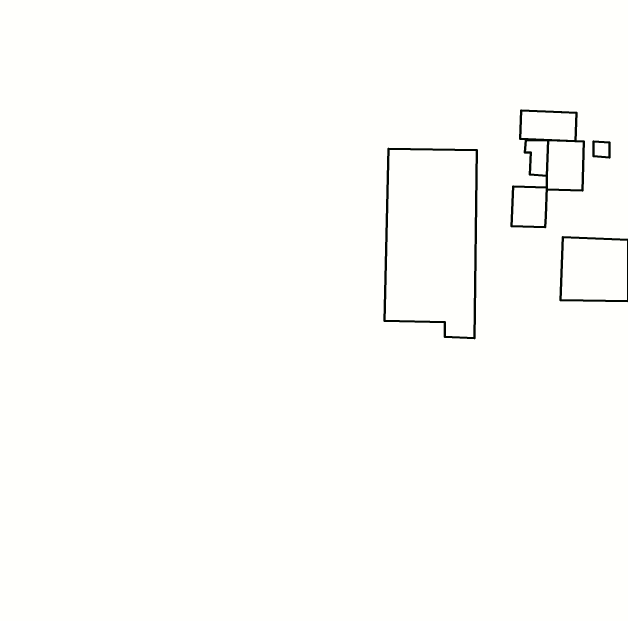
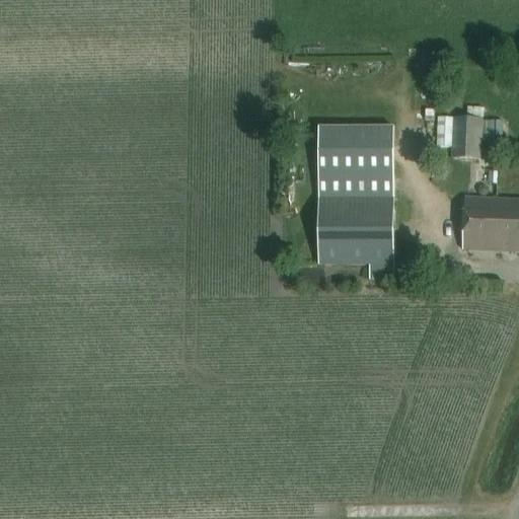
building: [520,111,577,141] -> none
building: [511,186,547,227] -> none

